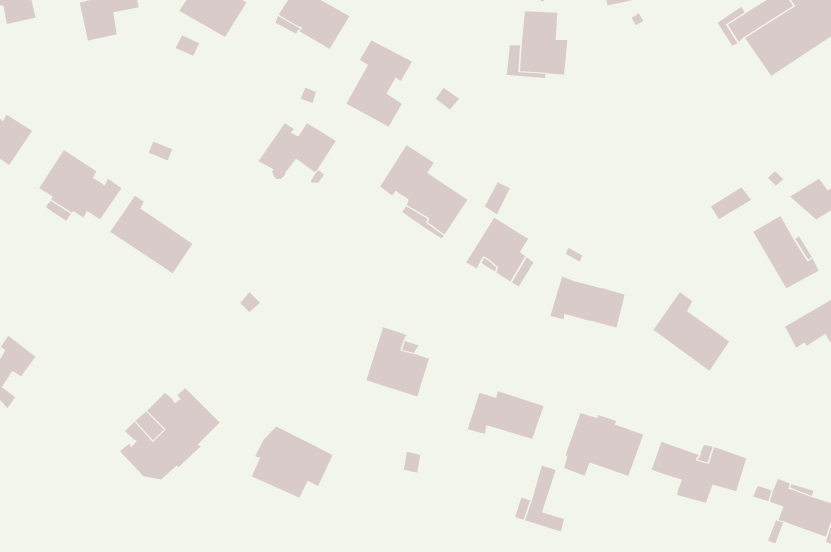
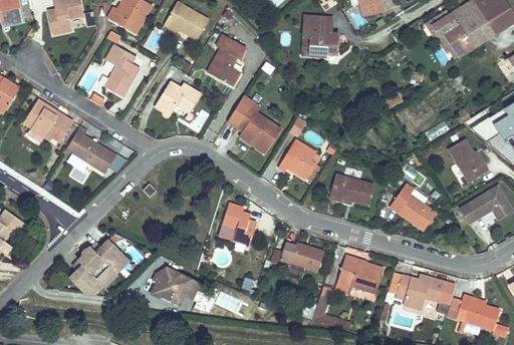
building: none -> [104,45,138,88]

